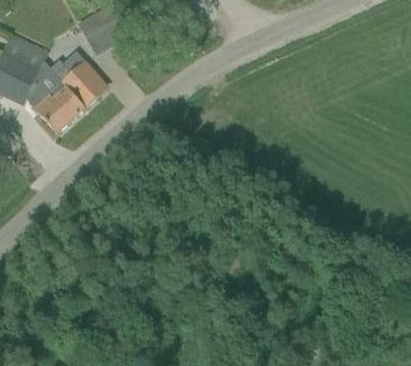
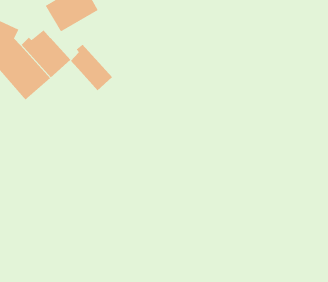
building: none -> [70,44,113,91]

